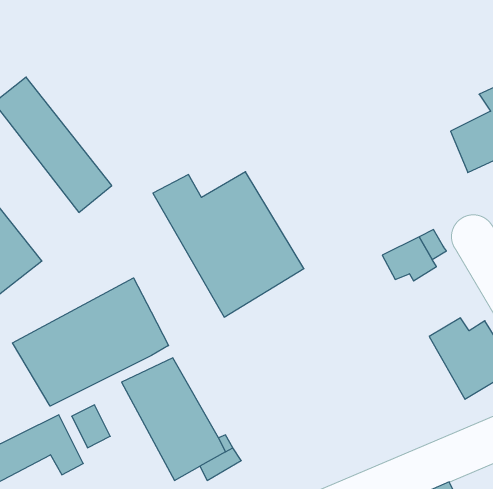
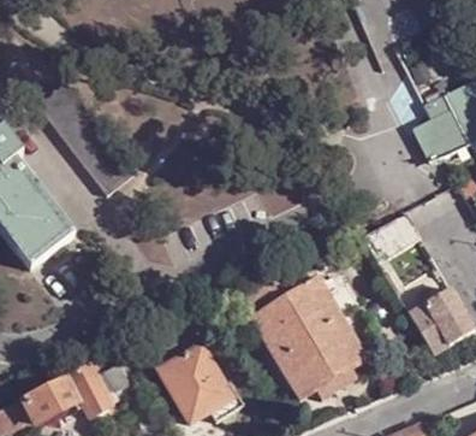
building: [153,172,304,317] -> [240,273,368,396]
building: [12,278,169,406] -> none

